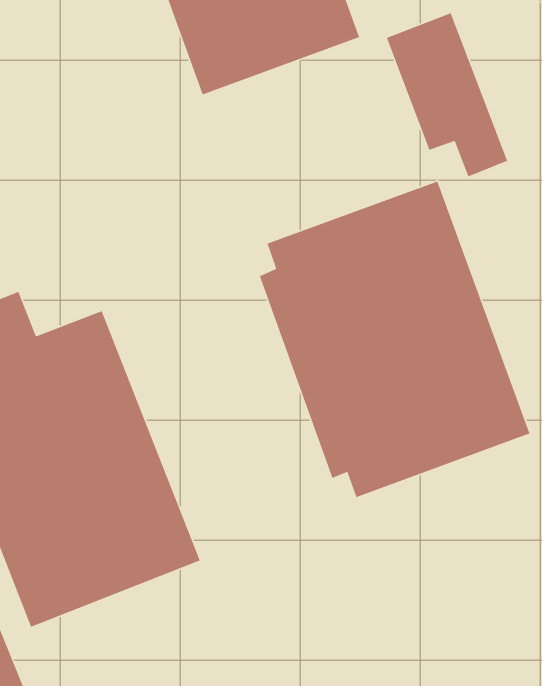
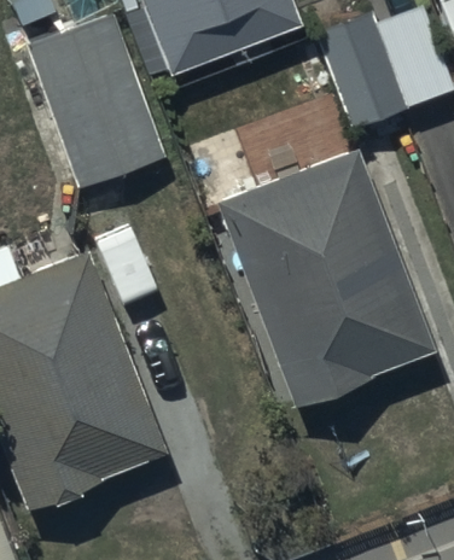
building: none -> [28,10,167,183]

